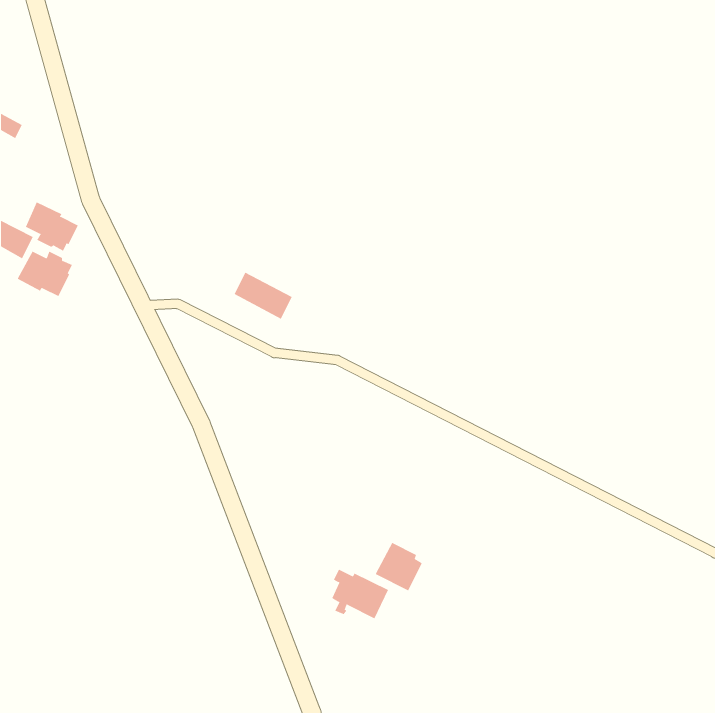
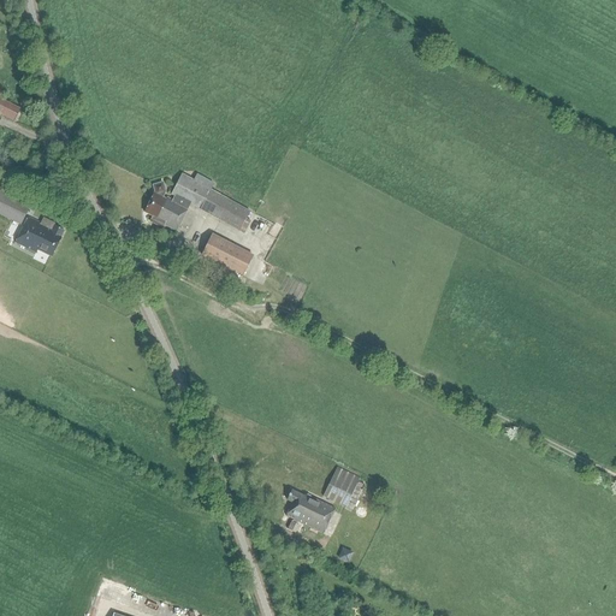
building: none -> [143,172,249,229]
building: [25,202,79,252] -> none

